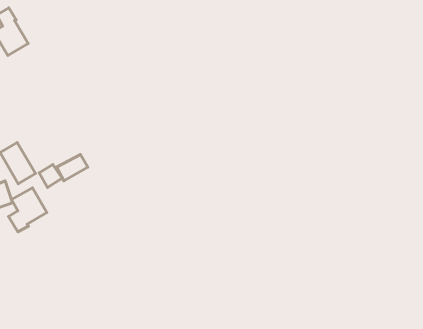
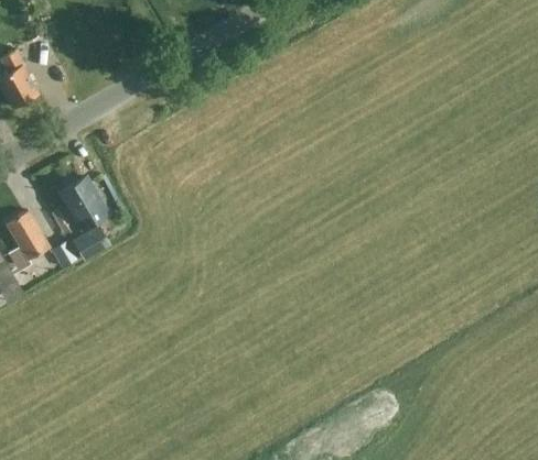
building: none -> [58,177,105,229]
building: [9,188,47,232] -> none

